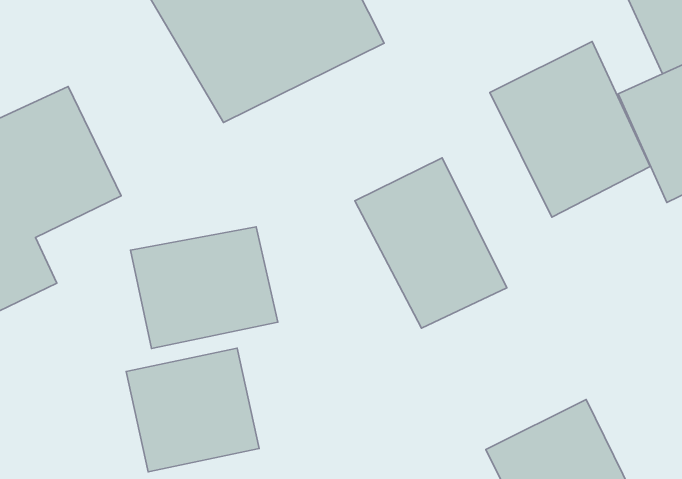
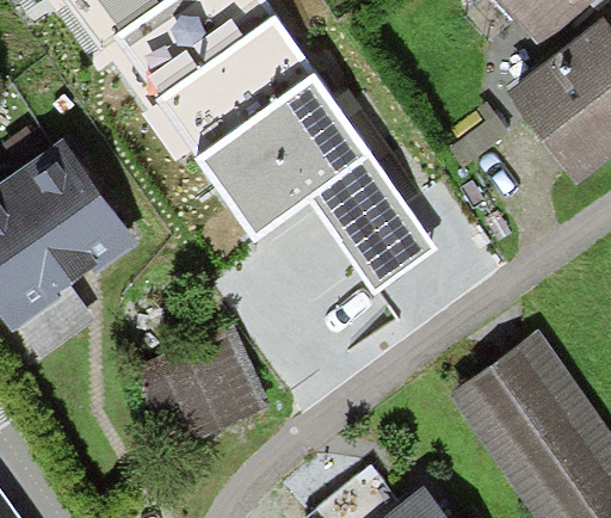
building: [490,42,650,217] -> none
building: none -> [196,73,377,242]
building: [131,227,278,349] -> none

